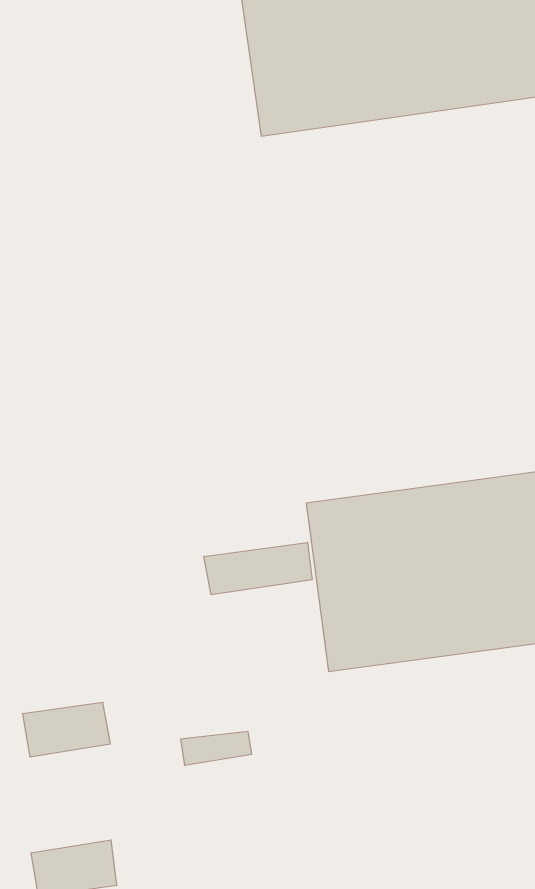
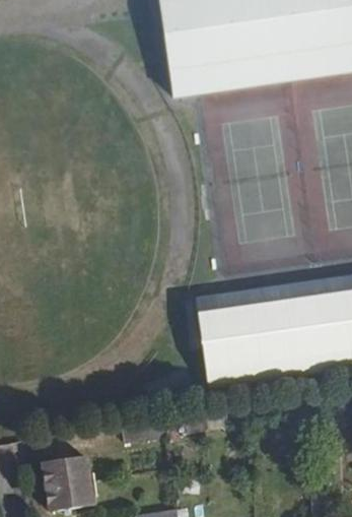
building: [204,542,312,595] -> none
building: [22,703,110,757] -> [43,456,90,486]

